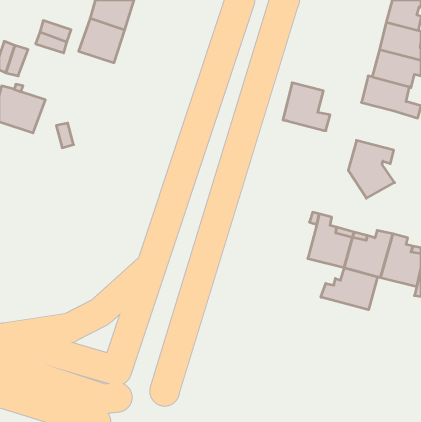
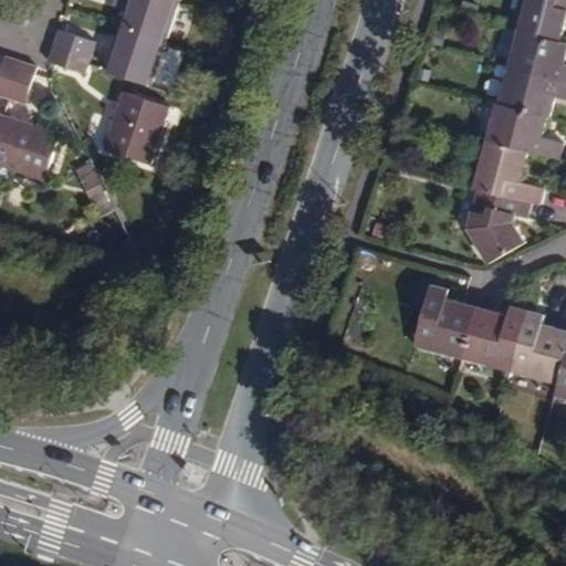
building: none -> [105,94,168,164]
building: [283,83,330,131] -> [471,137,534,201]
building: [321,268,378,310] -> none

